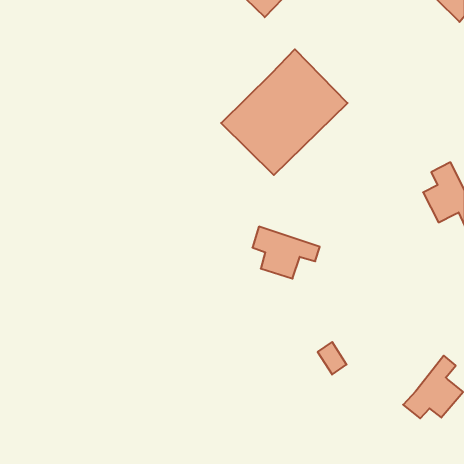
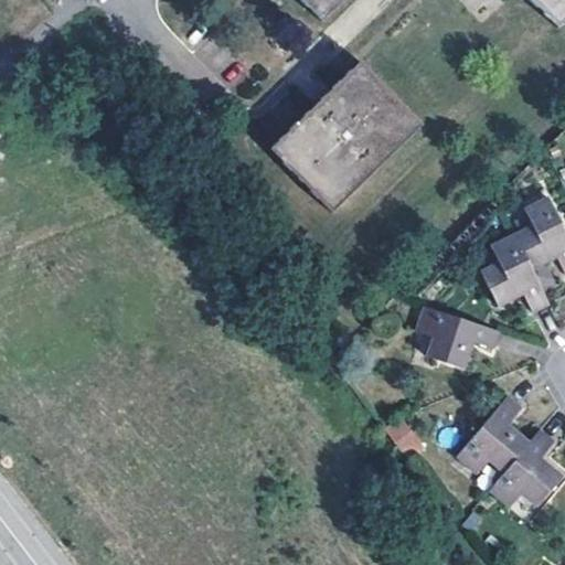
building: none -> [481,233,550,310]
building: [252,227,320,279] -> [417,306,499,369]
building: none -> [458,397,531,473]

